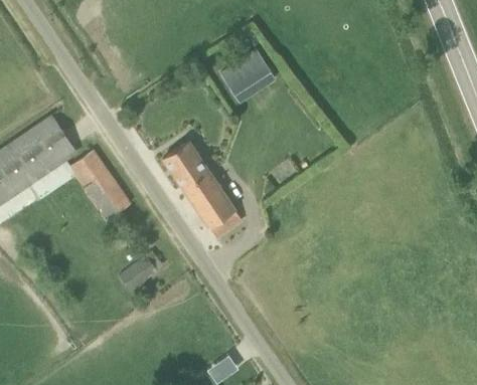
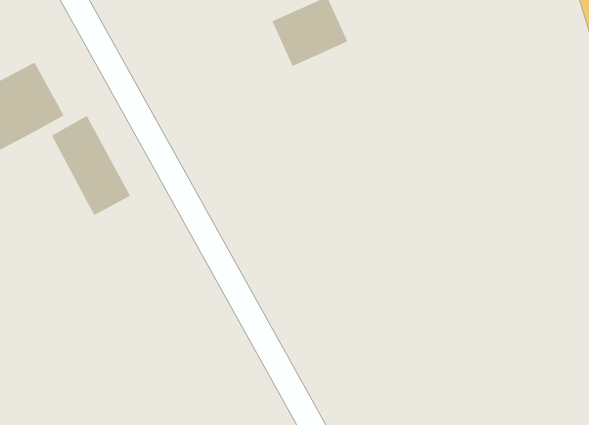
building: [163,142,242,238] -> none
building: [118,257,156,293] -> none

